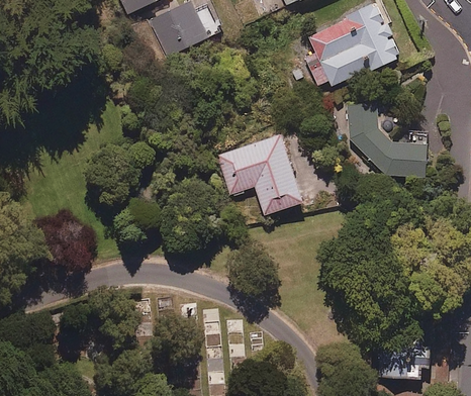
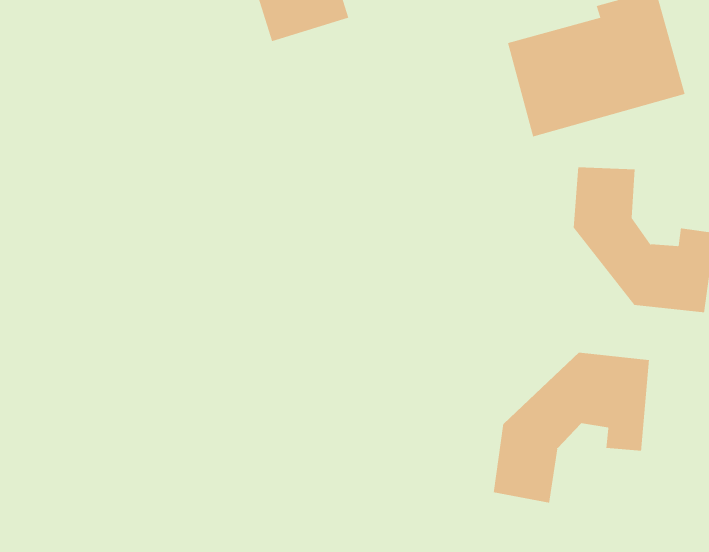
building: [218,133,303,214] -> none
building: none -> [493,352,649,503]

